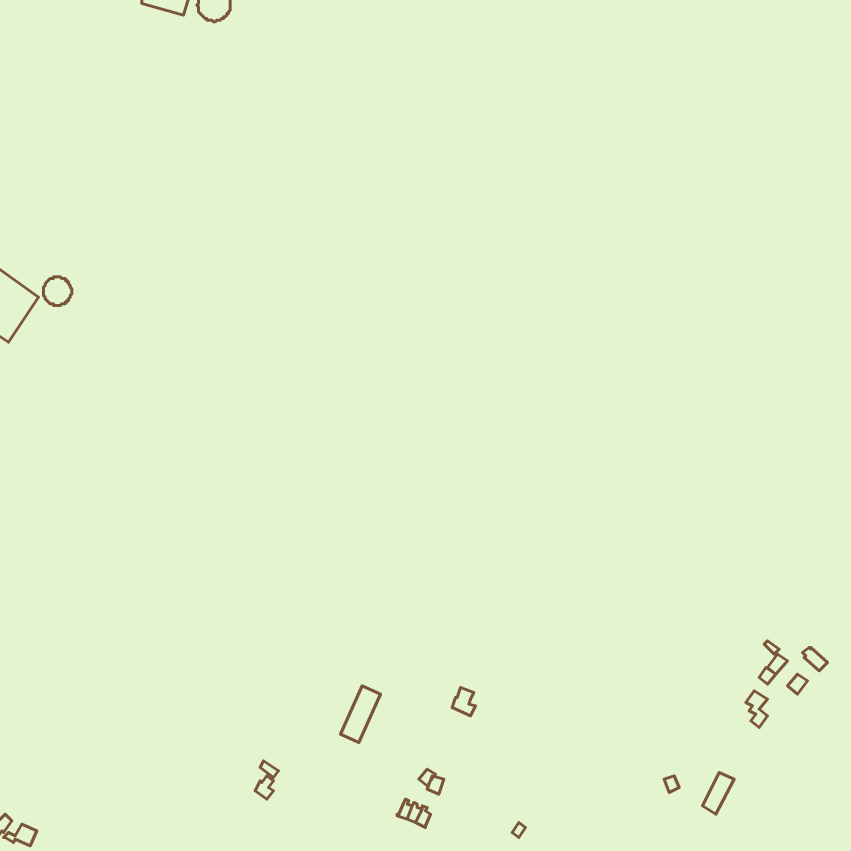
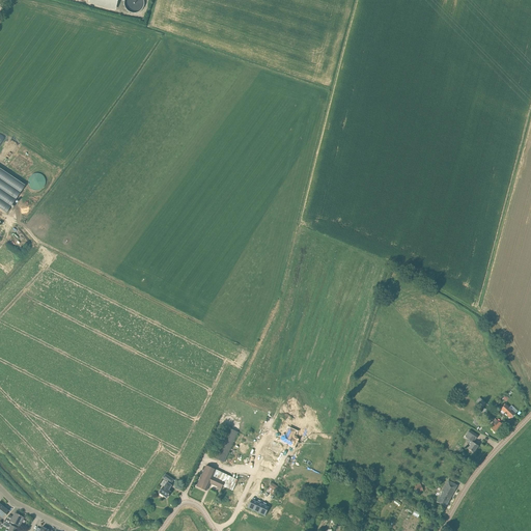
building: none -> [196,465,236,490]

